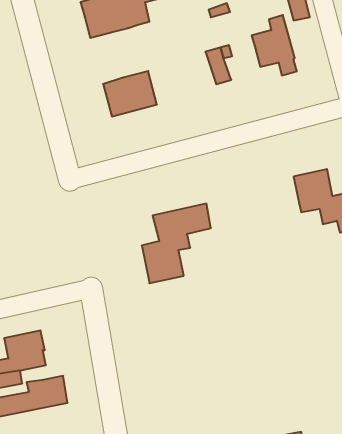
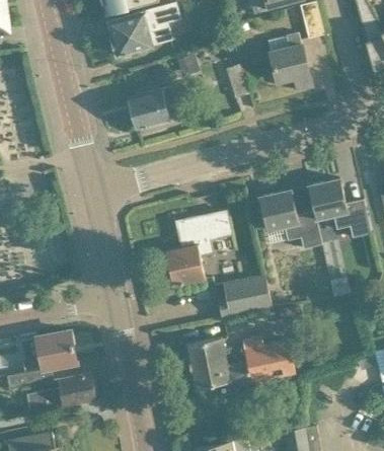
building: none -> [258,190,321,249]
building: none -> [215,275,272,317]
building: none -> [185,334,294,389]

